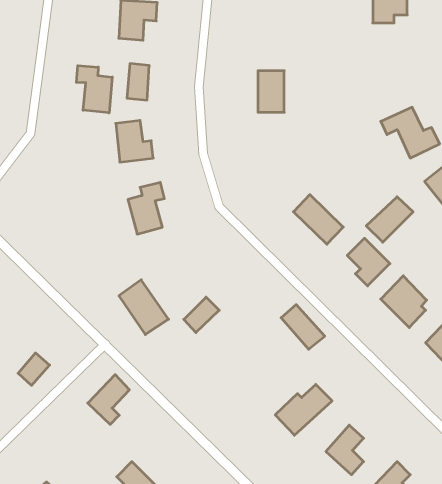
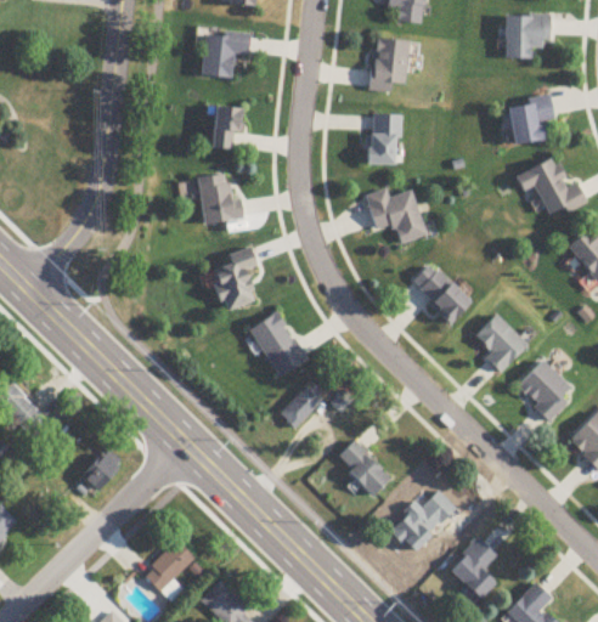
building: none -> [369,38,410,91]
building: none -> [507,97,553,145]
building: [76,66,112,113] -> none
building: none -> [365,188,425,243]
building: [366,197,413,242] -> none
building: [119,280,169,335] -> [248,311,308,377]
building: [281,305,325,349] -> [337,441,389,494]
building: [88,375,129,424] -> [143,539,193,599]

